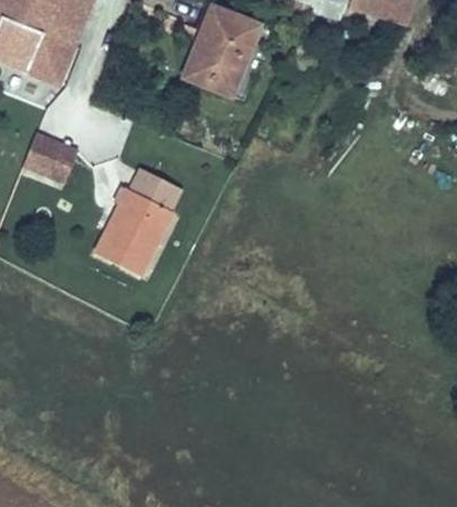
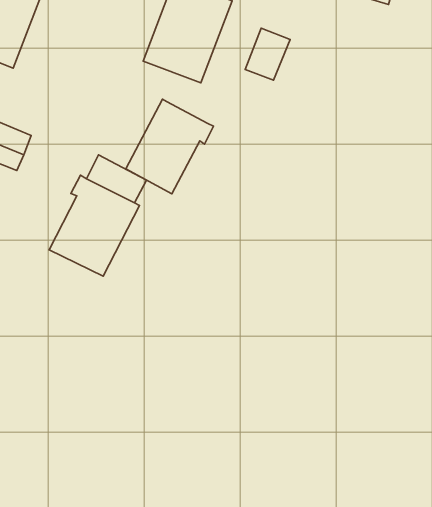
building: none -> [245,28,290,80]
building: none -> [126,99,213,194]

